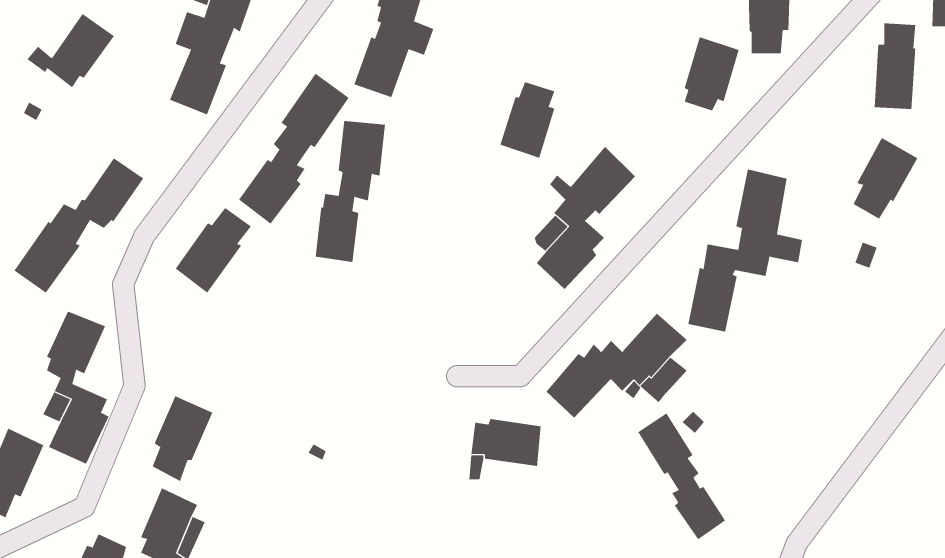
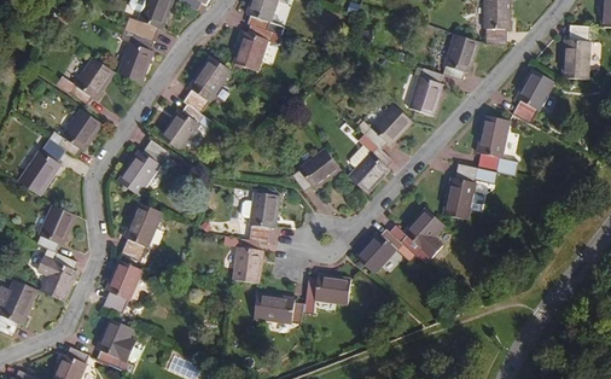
building: [26,13,115,88] -> [59,58,115,105]
building: [499,82,555,158] -> [406,68,441,116]
building: [315,121,386,263] -> [234,192,279,281]
building: [853,137,918,220] -> [510,69,551,121]
building: none -> [292,147,339,190]
building: none -> [123,200,163,260]
building: [637,413,726,540] -> none
building: none -> [255,291,303,322]

